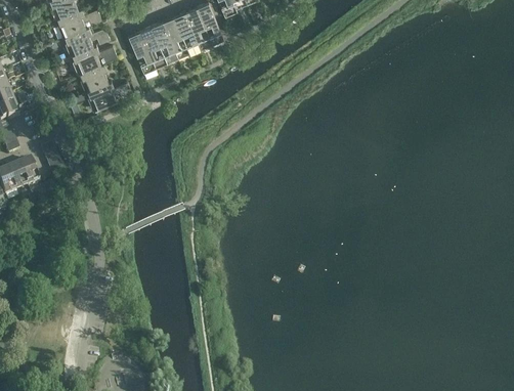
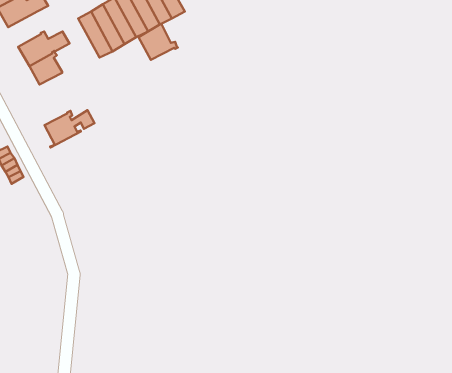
building: [65,26,110,54] -> none
building: none -> [138,24,178,60]
building: [87,80,132,111] -> [45,110,95,147]

